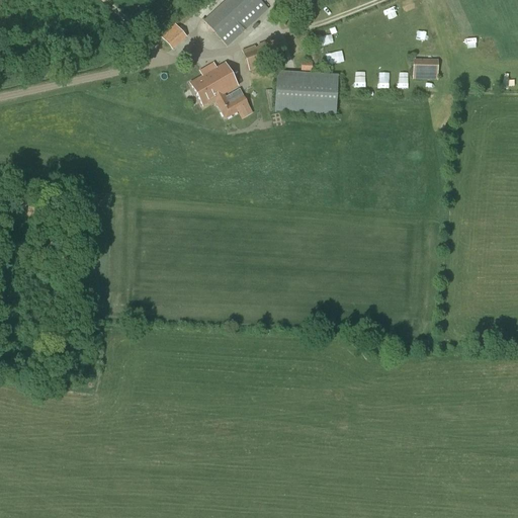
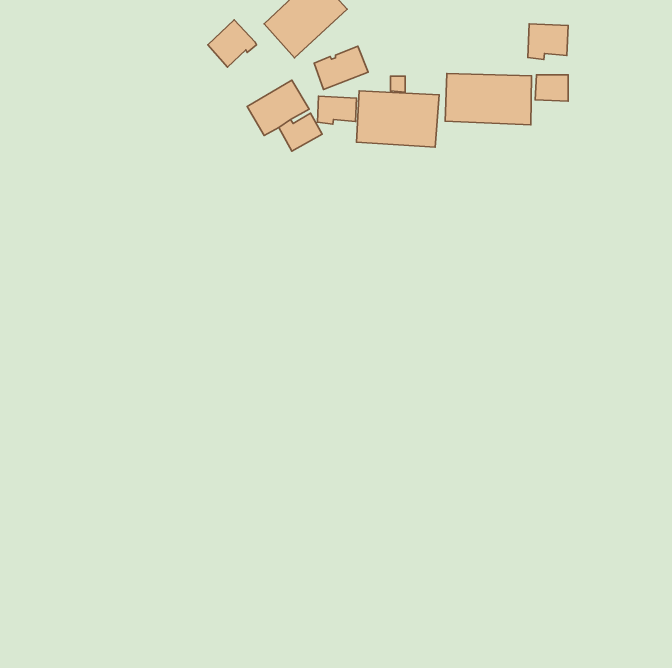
building: none -> [528,24,568,59]
building: none -> [445,74,531,125]
building: none -> [317,96,357,124]

